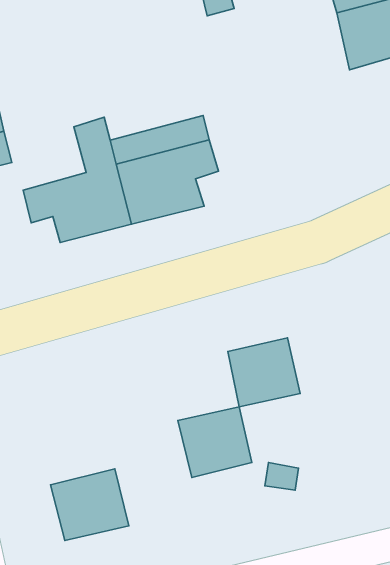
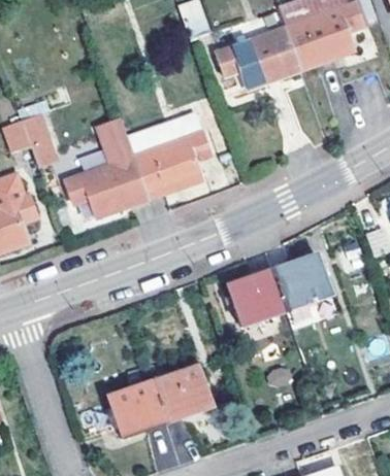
building: none -> [218,27,299,89]
building: none -> [272,254,331,311]
building: [178,407,252,478] -> [154,366,212,421]

